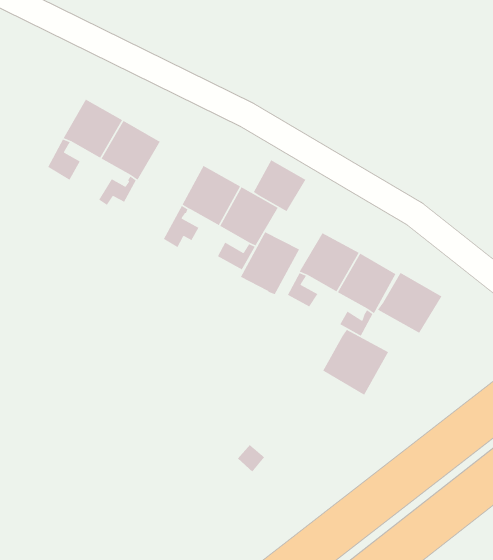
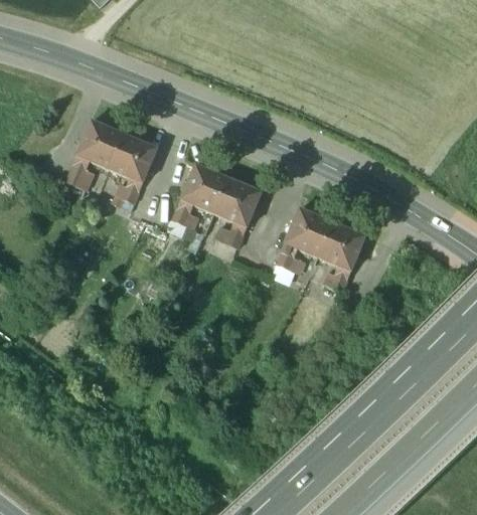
building: [253,159,307,212] -> none
building: [240,231,300,295] -> none
building: [377,272,443,334] -> none
building: [322,329,389,396] -> none

